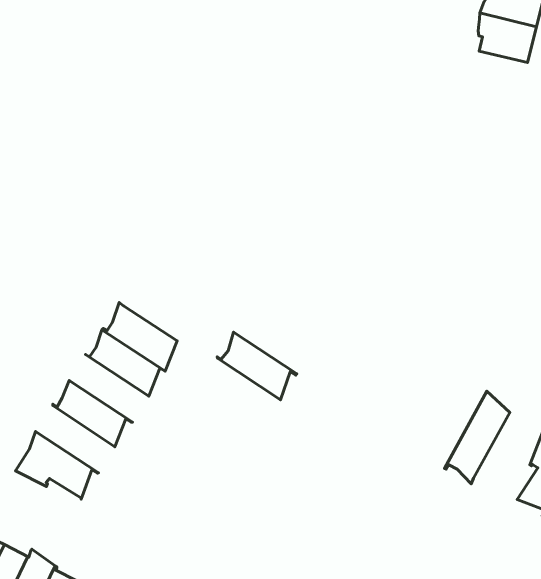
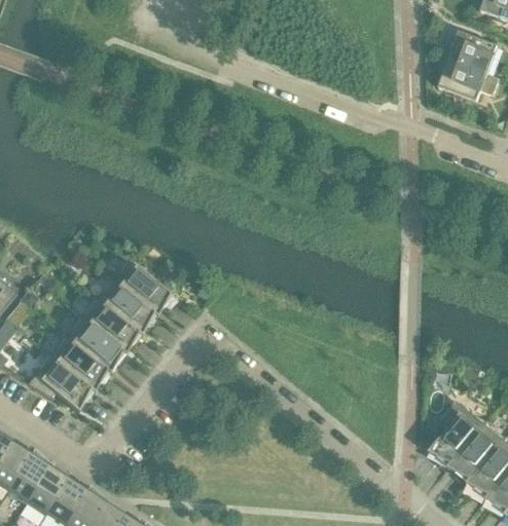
building: [217,332,297,400] -> [78,298,141,356]
building: [444,391,510,484] -> none
building: none -> [46,336,109,394]

